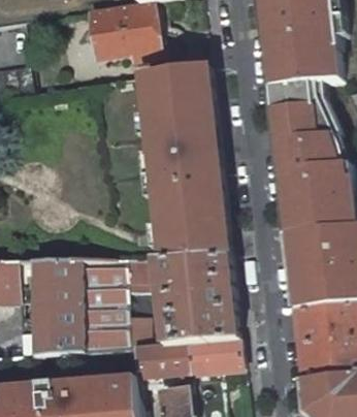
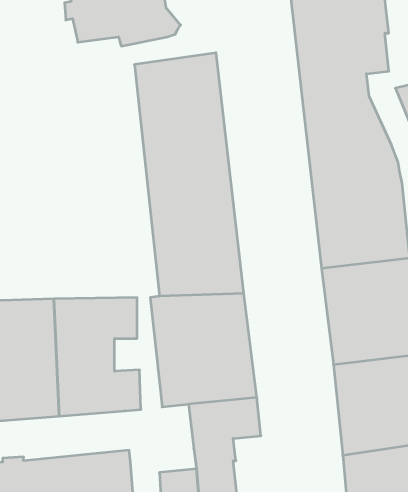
building: [130,341,184,386] -> none

